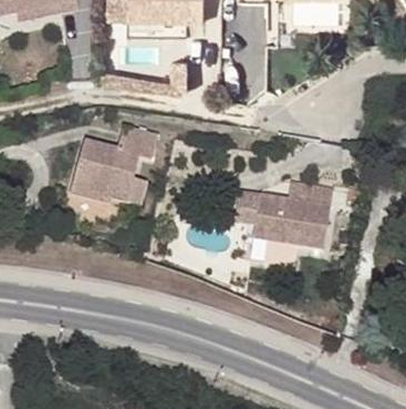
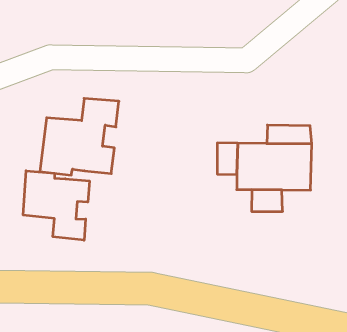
building: none -> [23,171,89,240]

